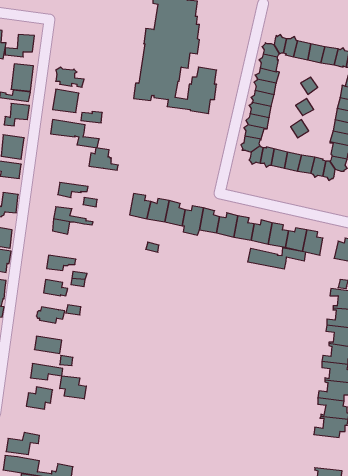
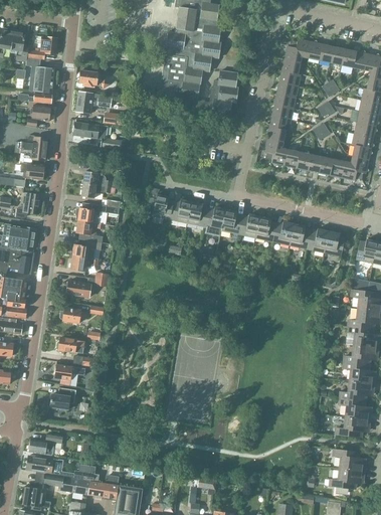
building: [89,148,118,170] -> [82,166,112,188]
building: none -> [71,240,101,261]
building: [248,247,305,269] -> none
building: [60,376,86,399] -> none
building: none -> [333,450,364,471]

